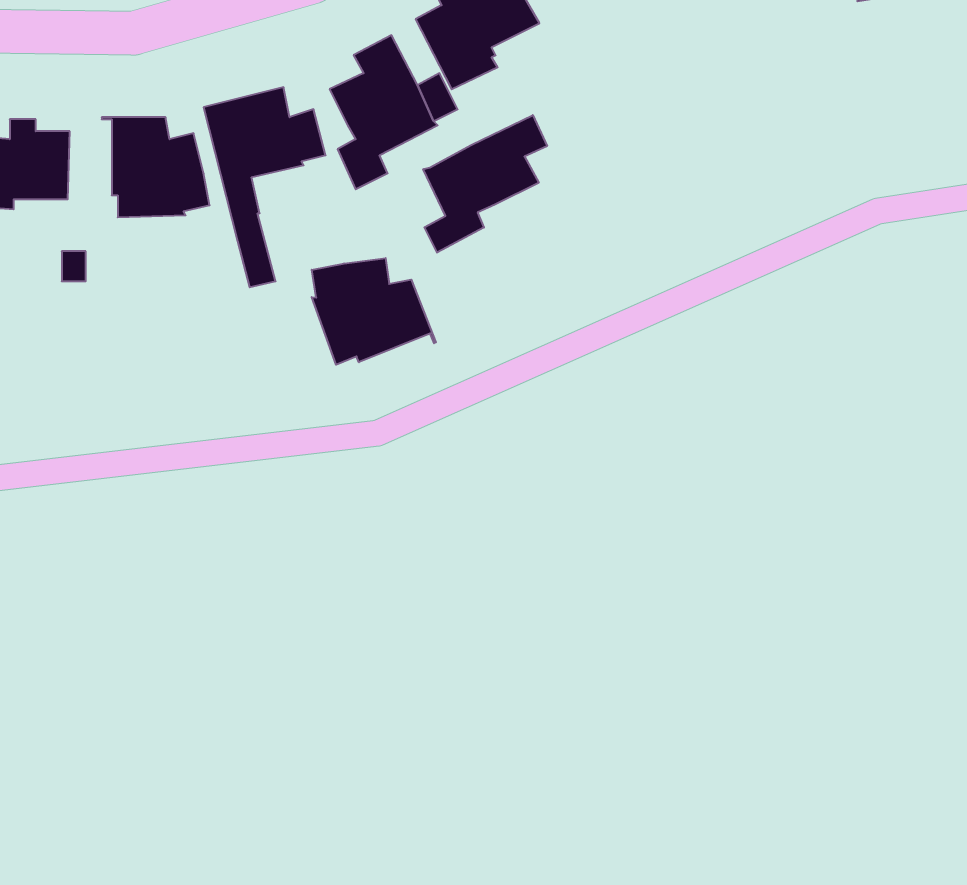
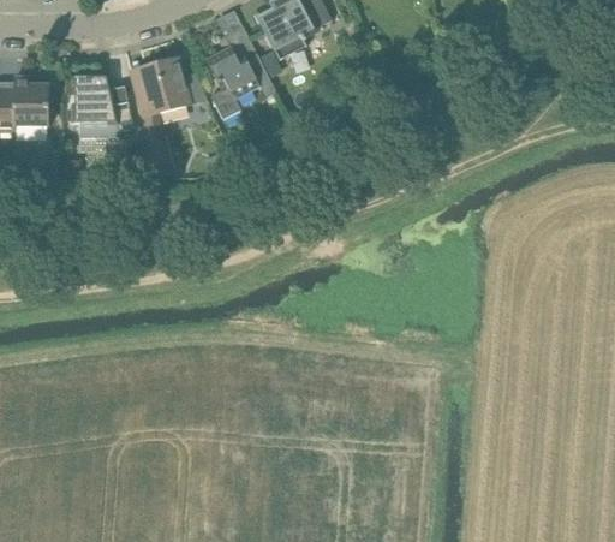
building: [423,115,547,253] -> none
building: [312,258,436,365] -> none

